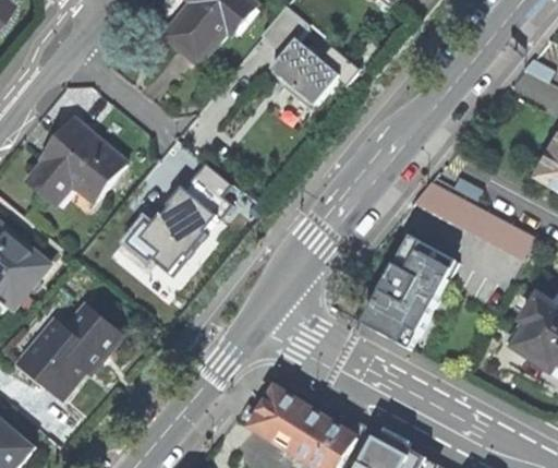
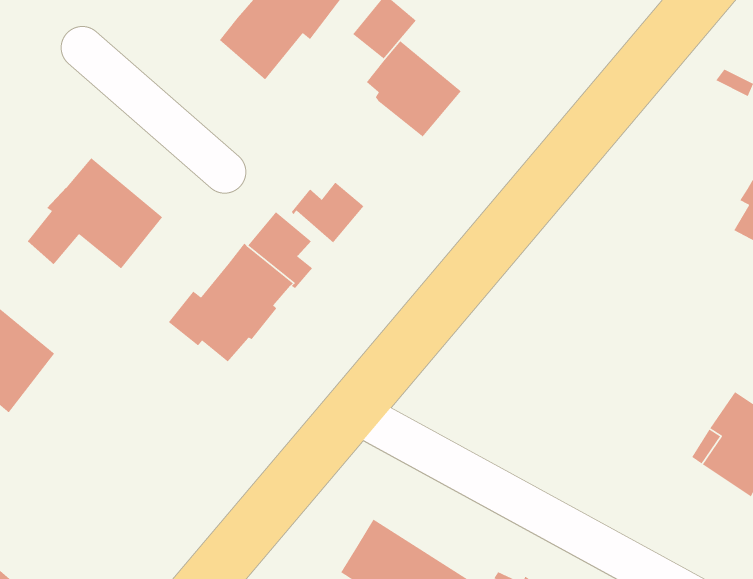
building: none -> [291,182,365,244]
building: [420,179,539,257] -> none
building: [363,236,457,349] -> none
building: [19,309,118,400] -> none

